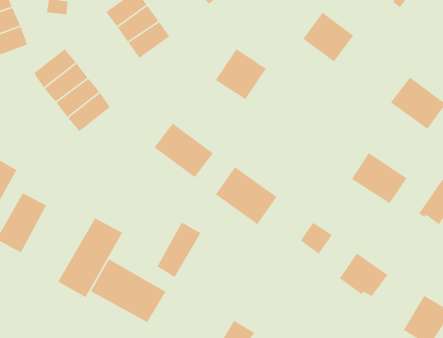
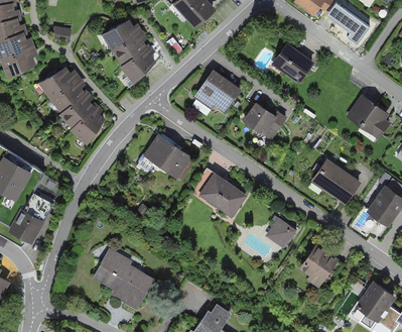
building: none -> [239,100,282,140]
building: [57,217,123,298] -> none
building: [156,222,201,278] -> none

